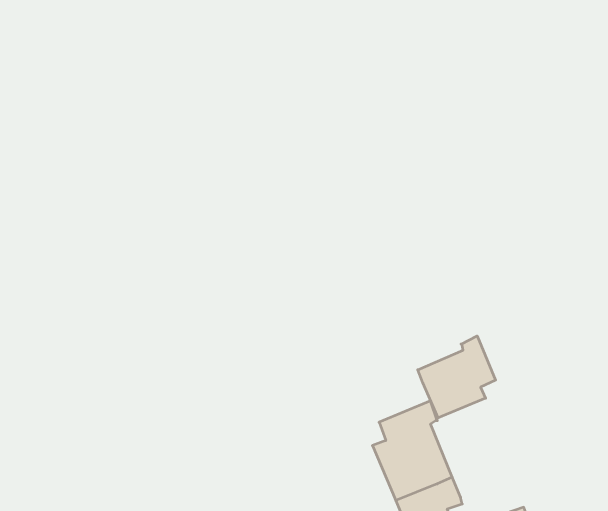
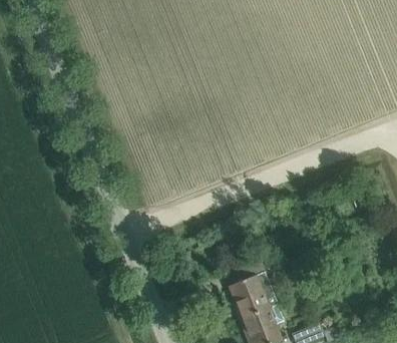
building: [418,336,496,418] -> none

